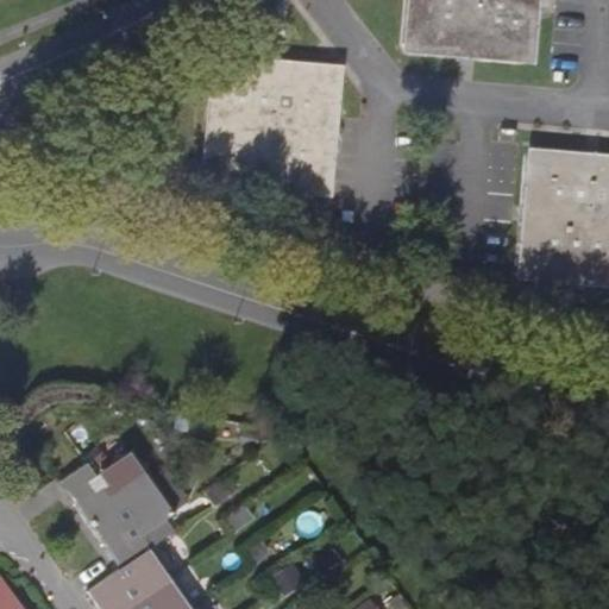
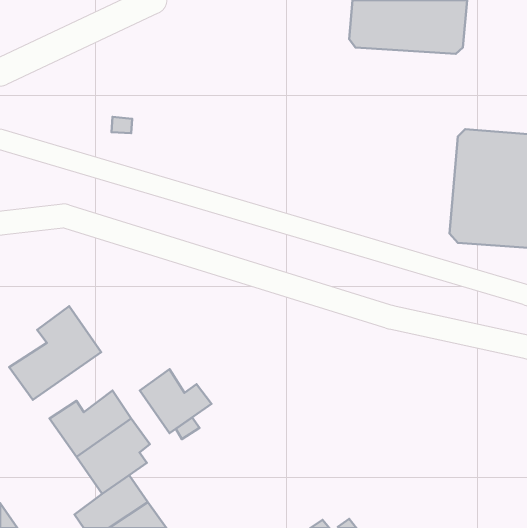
building: [211,57,344,192] -> none
building: none -> [9,306,101,400]
building: none -> [140,369,212,433]

